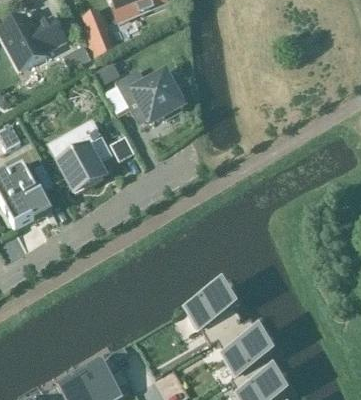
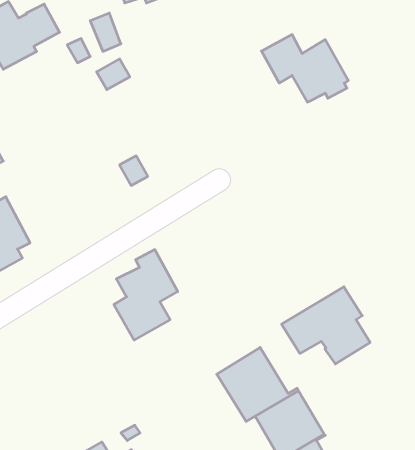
building: [114,69,182,122] -> [261,35,348,102]
building: [59,121,109,192] -> [114,250,178,340]
building: none -> [282,287,370,364]

